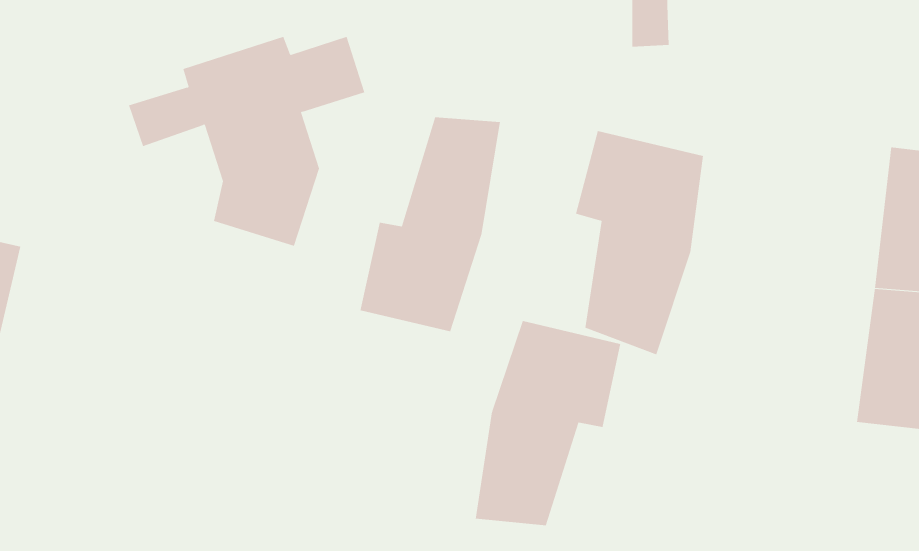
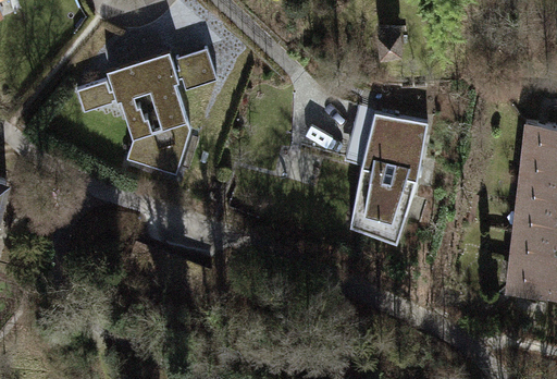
building: [360,117,500,332] -> none
building: [475,320,621,526] -> none

